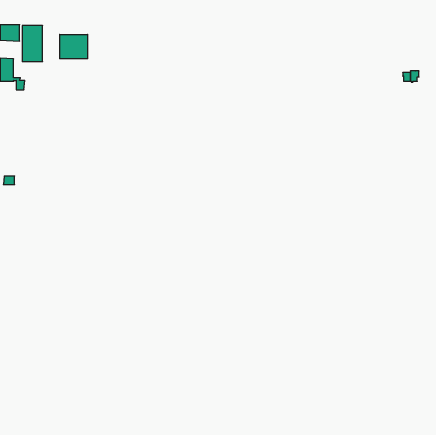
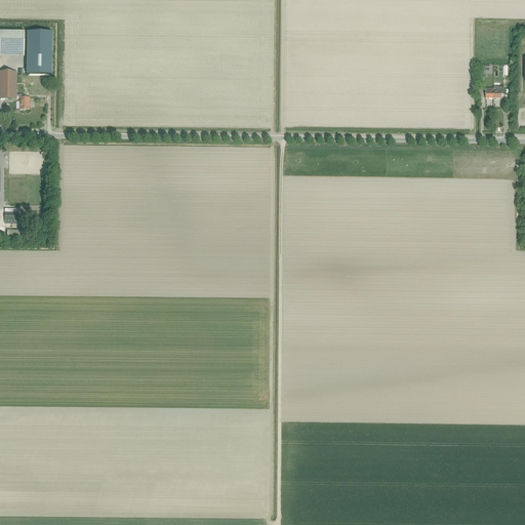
building: [60,34,88,59] -> none

